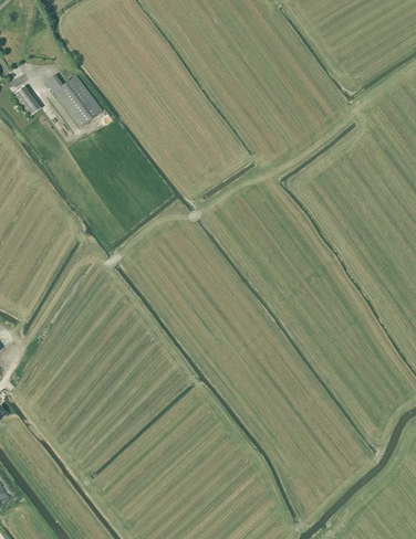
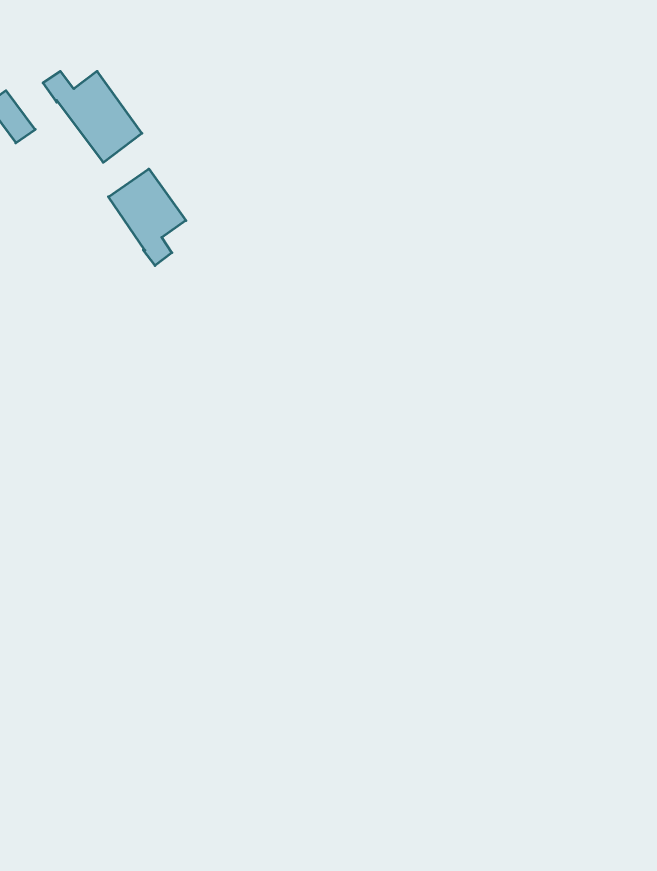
building: none -> [108,169,186,266]

